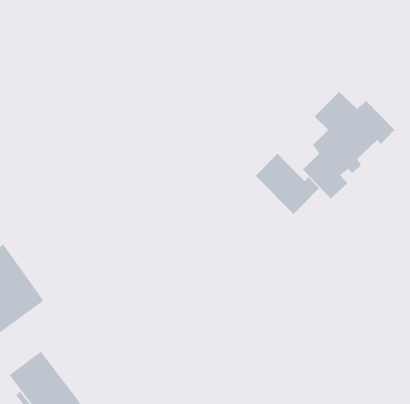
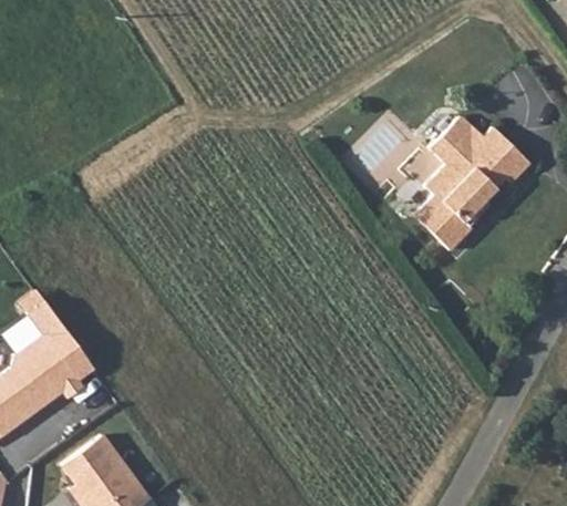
building: [255,153,320,215] -> none

